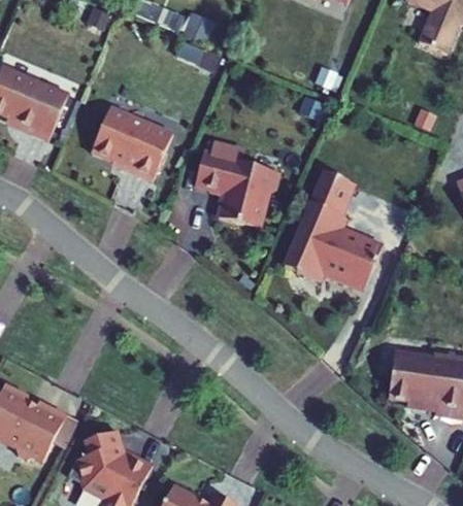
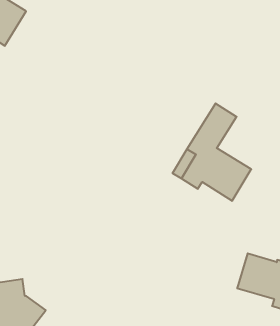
building: [91,107,172,181] -> none
building: [195,141,279,228] -> none

